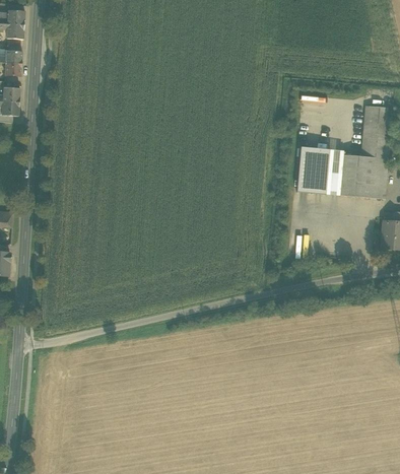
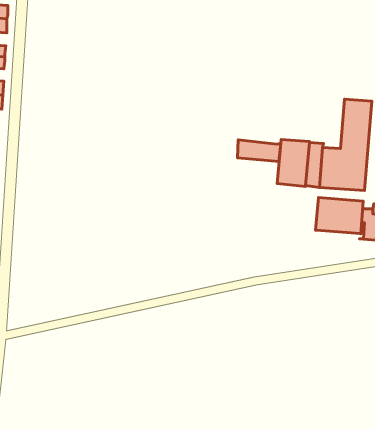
building: none -> [237,140,281,161]
building: none -> [315,198,363,234]

